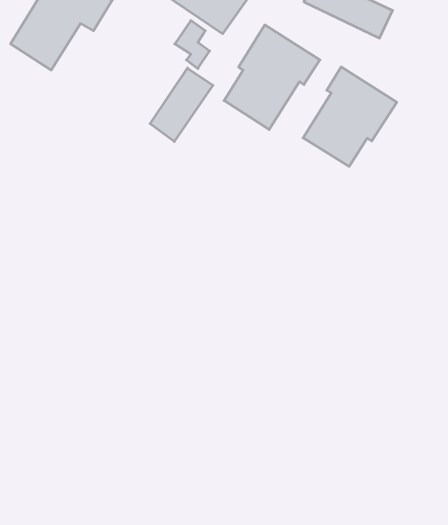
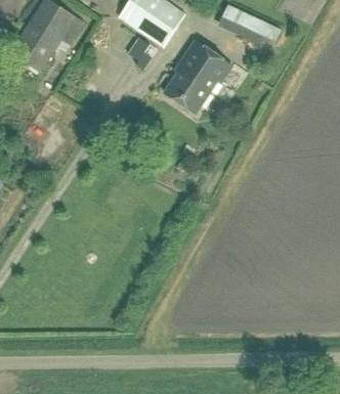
building: [303,67,397,166] -> none
building: [150,68,213,142] -> none

